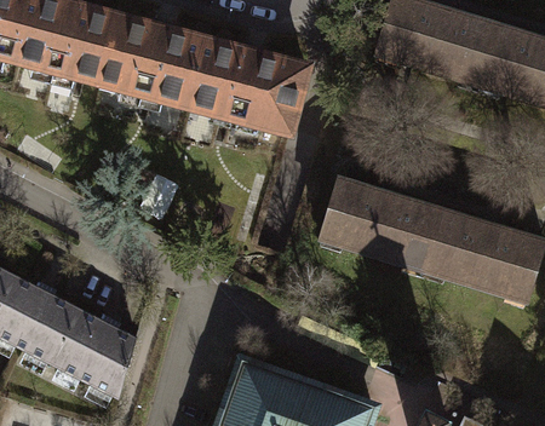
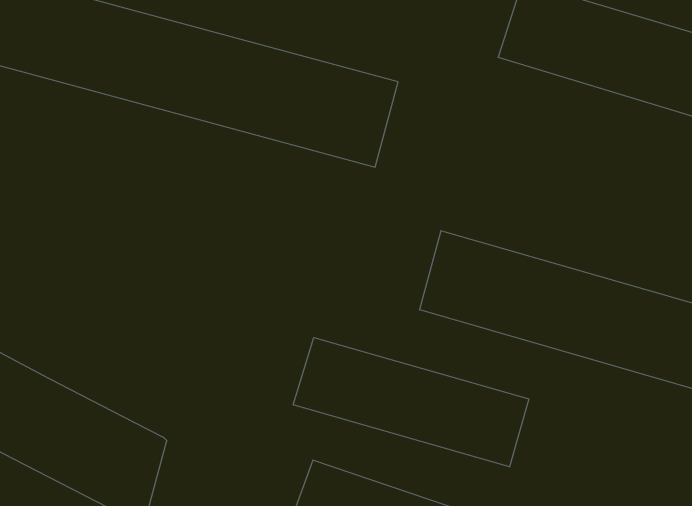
building: none -> [293,338,529,467]

